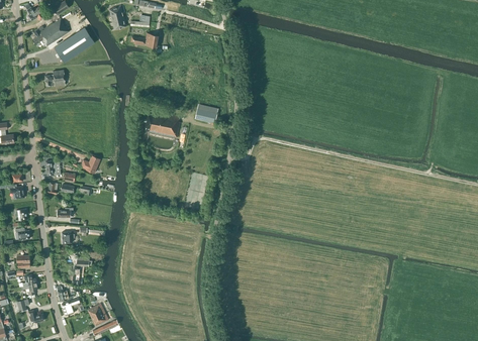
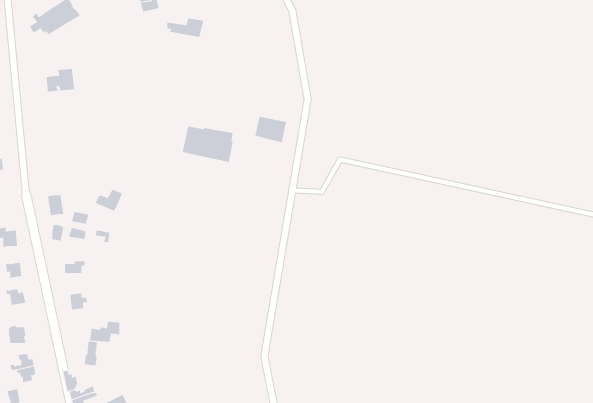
building: [54,27,94,63] -> none

